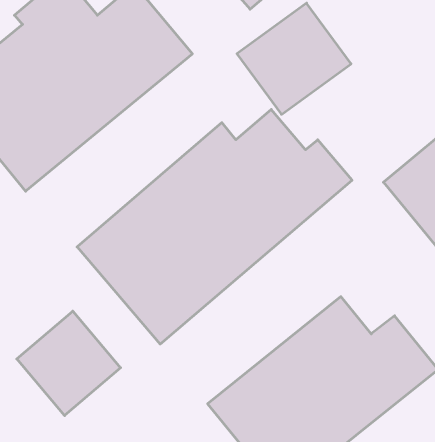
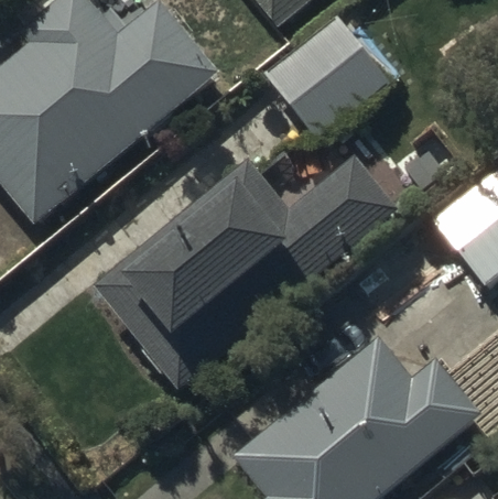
building: [17,311,121,416] -> none

